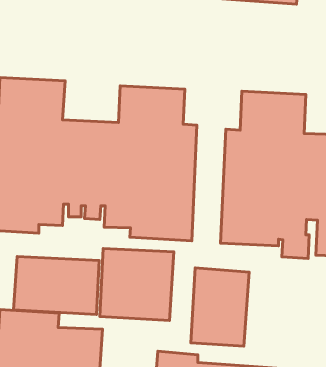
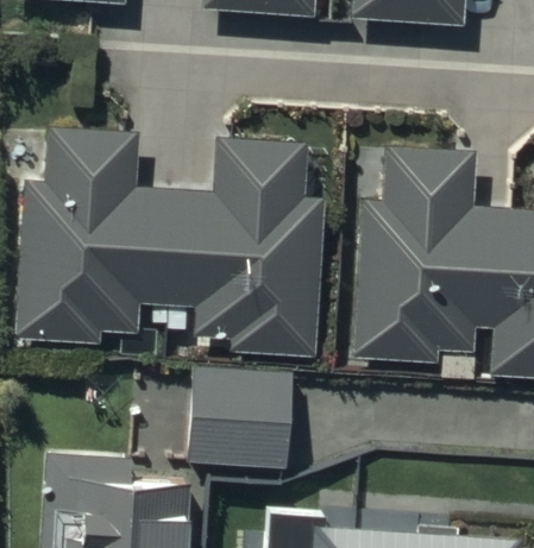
building: [14,257,99,315] -> none
building: [191,268,249,346] -> none

